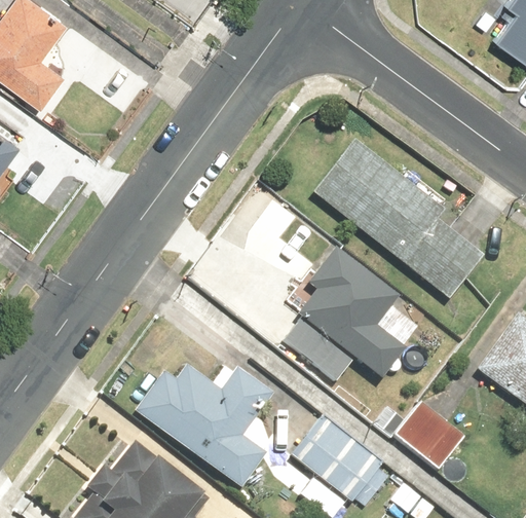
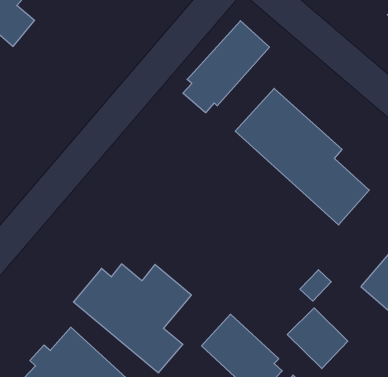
building: none -> [183,21,269,113]
building: [286,243,406,380] -> none

